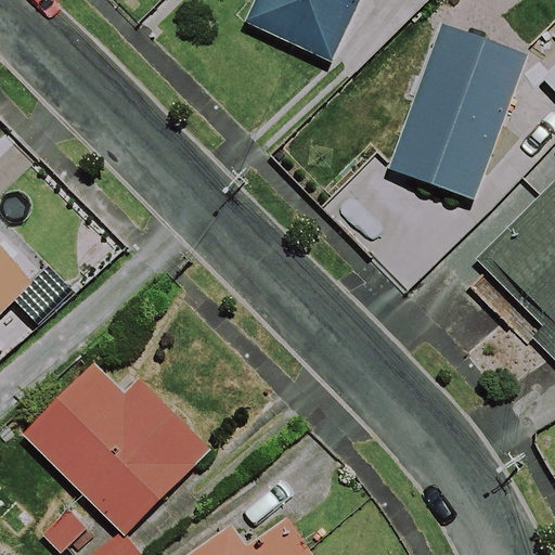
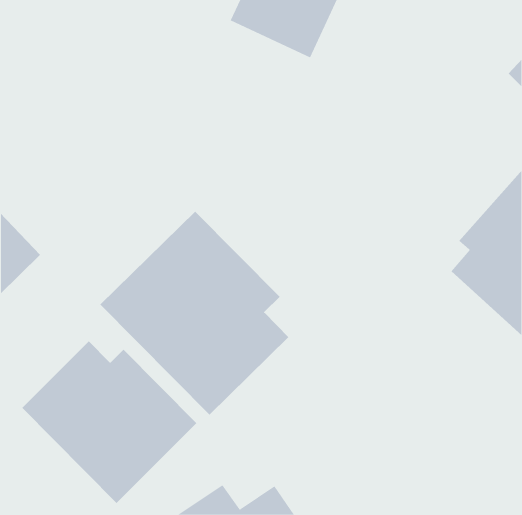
building: [387,21,527,201] -> none
building: none -> [99,211,289,415]

